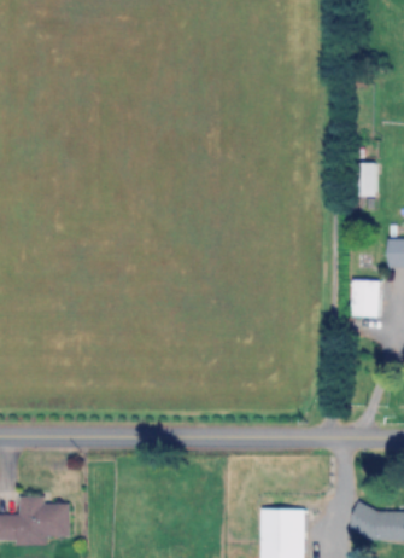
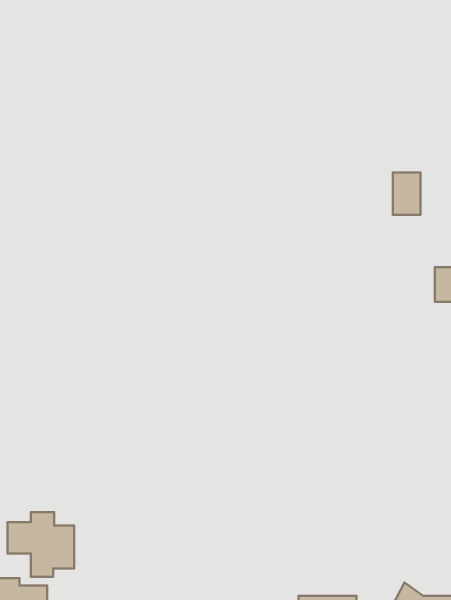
building: [351,280,379,316] -> none
building: none -> [7,512,74,577]

